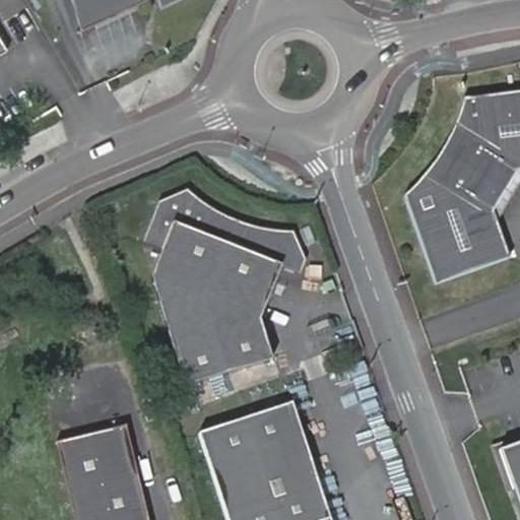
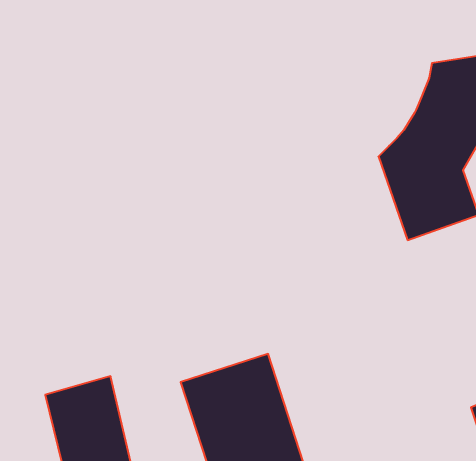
building: [131,197,294,389] -> none

